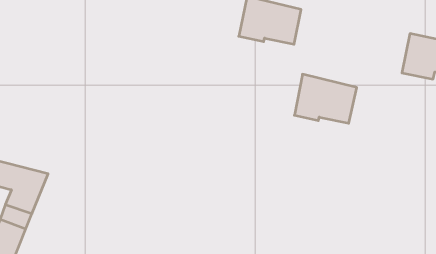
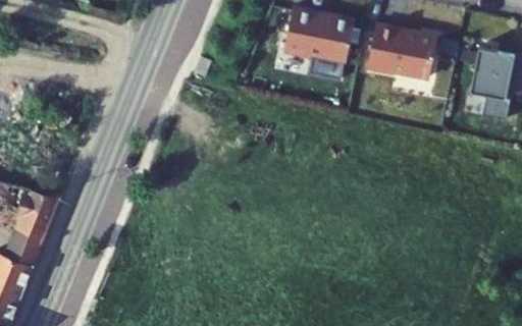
building: [294,74,357,123] -> [361,21,432,77]

